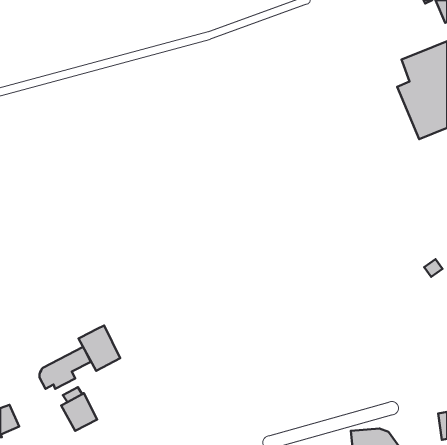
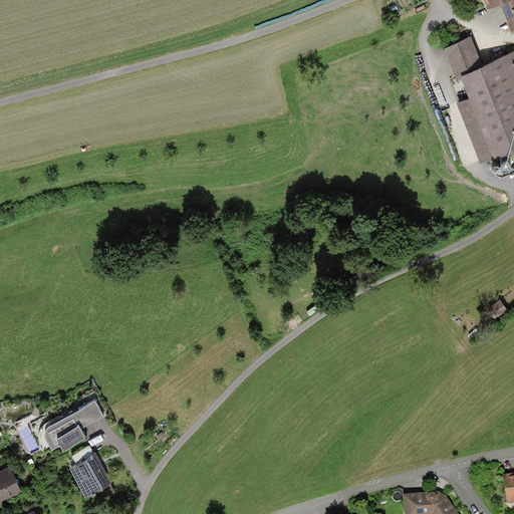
building: none -> [445,36,481,76]
building: [79,326,120,371] -> none

